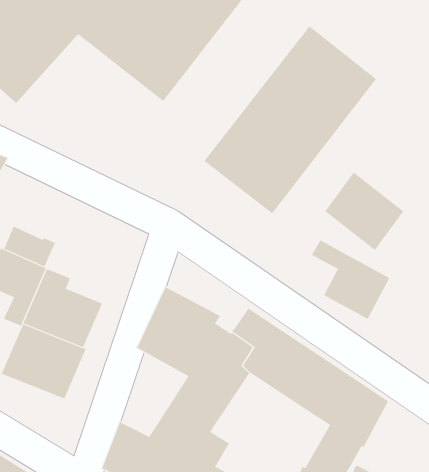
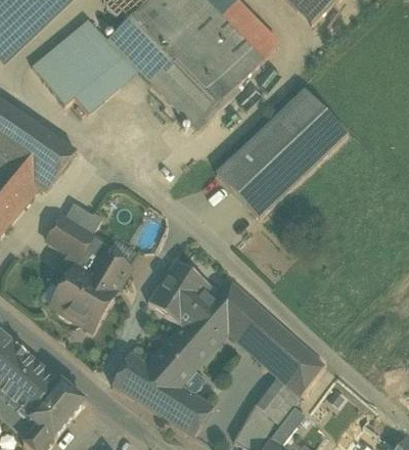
building: [324,172,404,251] -> none
building: [311,239,389,319] -> none

